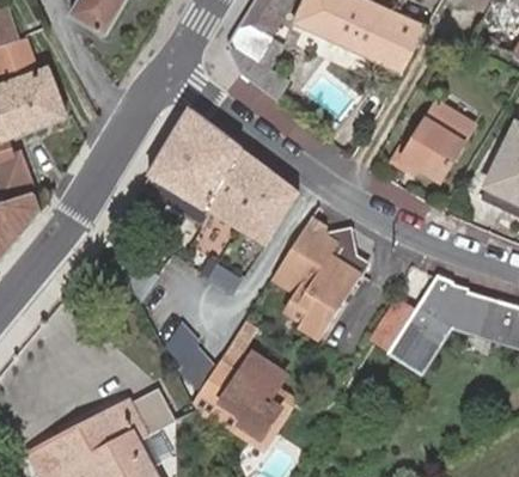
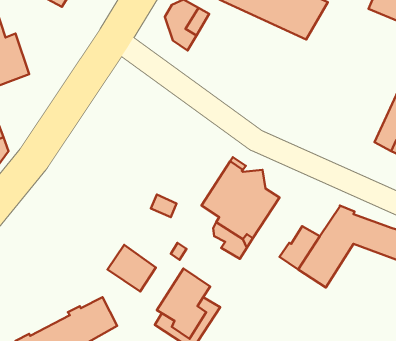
building: [401,98,474,177] -> none
building: [140,108,300,249] -> none

